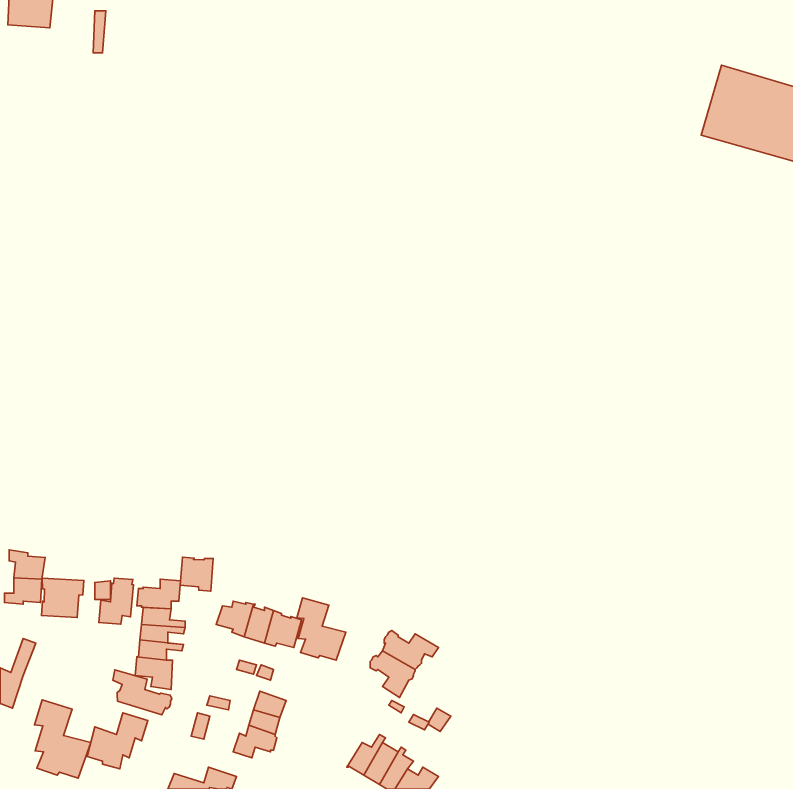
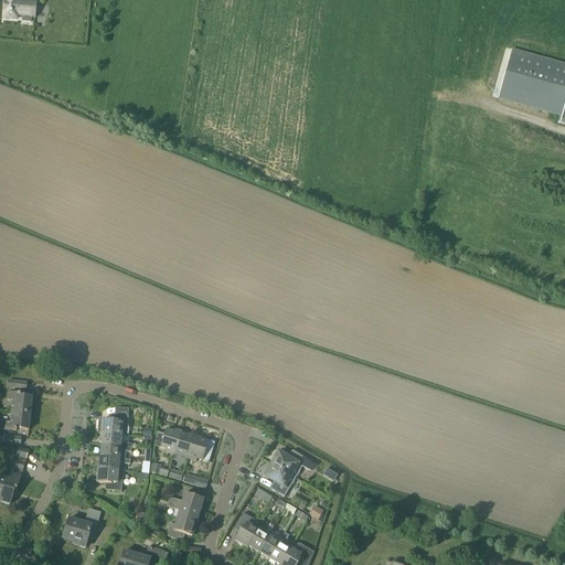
building: [180,557,213,591] -> none
building: [42,578,84,618] -> none
building: [99,578,134,624] -> none
building: [297,598,346,660] -> none
building: [113,670,172,715] -> none
building: [34,700,91,778] -> none
building: none -> [235,511,258,545]

